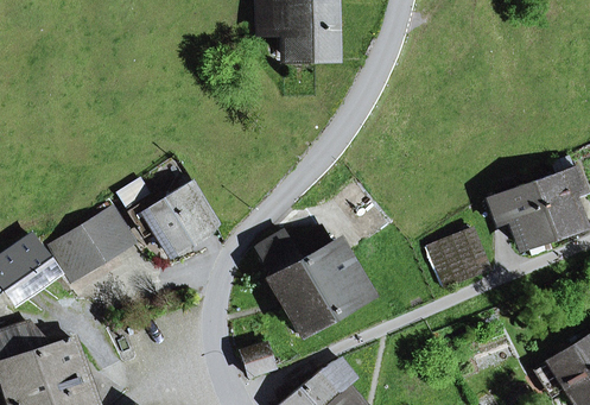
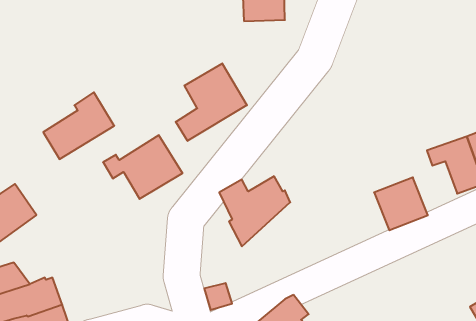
building: none -> [176,63,247,141]
building: [53,203,132,277] -> [43,92,114,159]
building: [284,252,369,334] -> none

